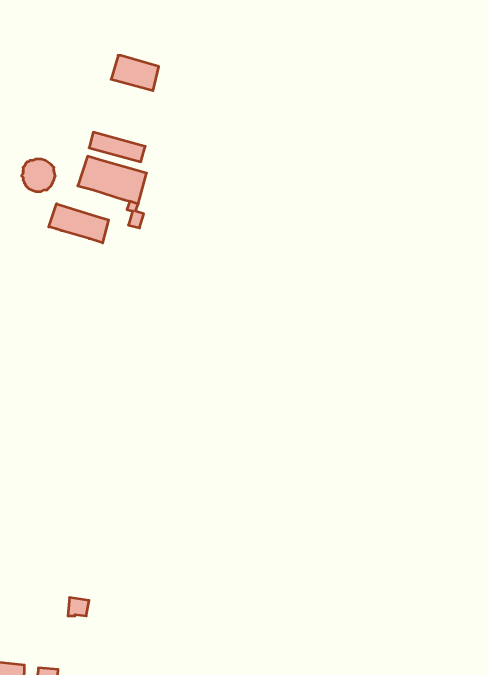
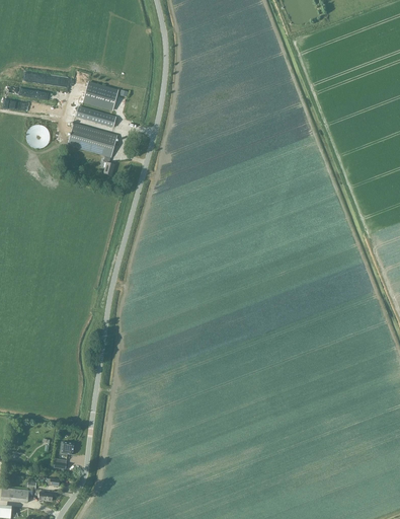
building: [111,55,159,91] -> [83,81,117,106]
building: [49,204,109,243] -> none

